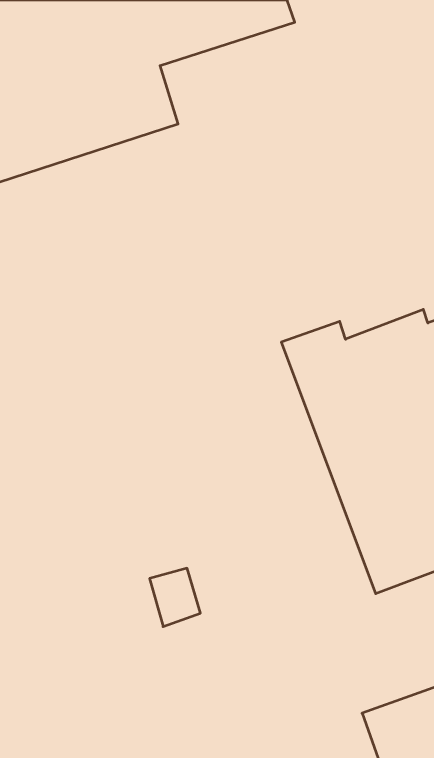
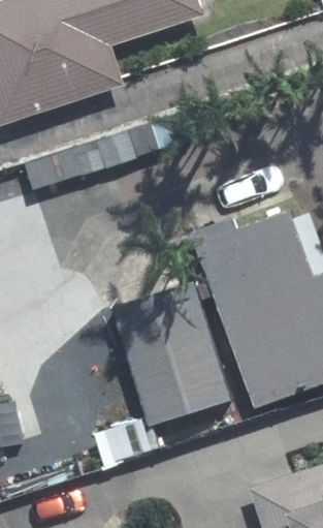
building: none -> [116,285,232,430]

